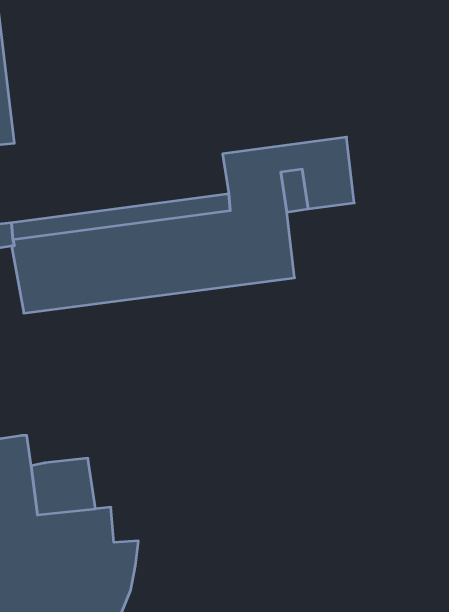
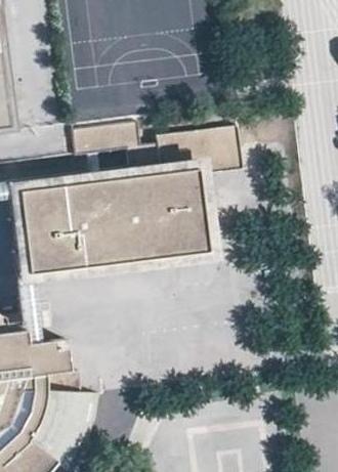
building: none -> [17,220,205,287]

